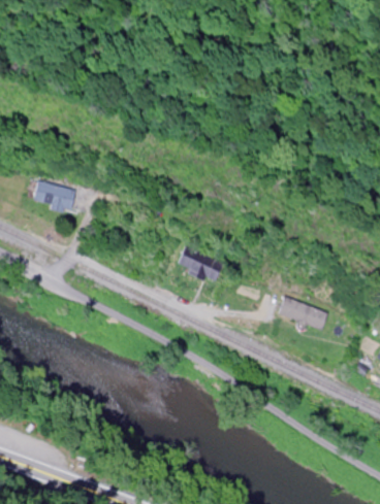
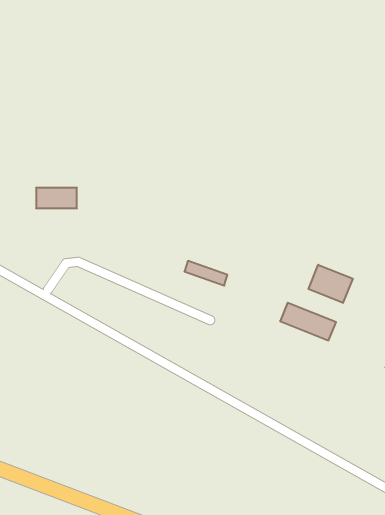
building: none -> [308,265,353,303]

